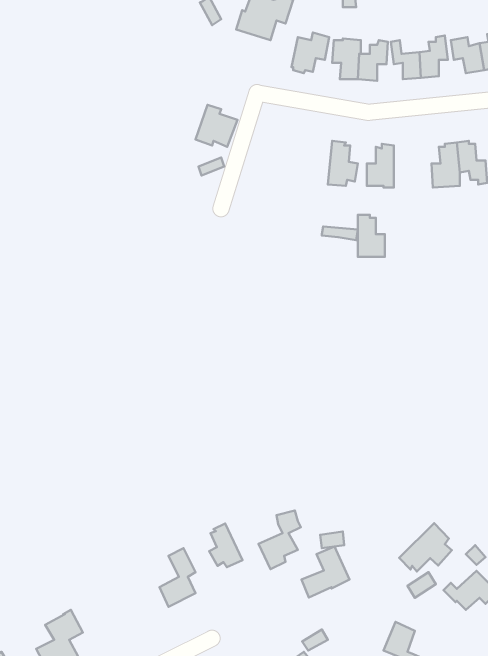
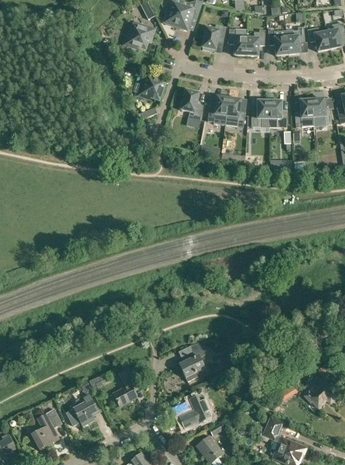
building: none -> [123,22,154,48]
building: none -> [180,88,203,128]
building: none -> [207,95,228,125]
building: [358,215,385,257] -> [269,99,287,127]
building: [399,523,452,571] -> none
building: [209,523,242,567] -> none
building: [301,546,350,598] -> [179,394,211,428]
building: none -> [73,393,98,426]

